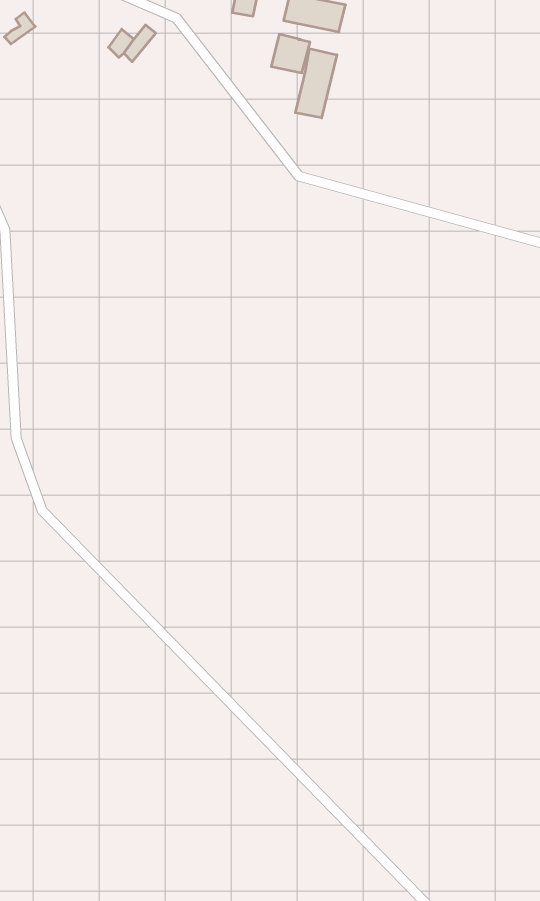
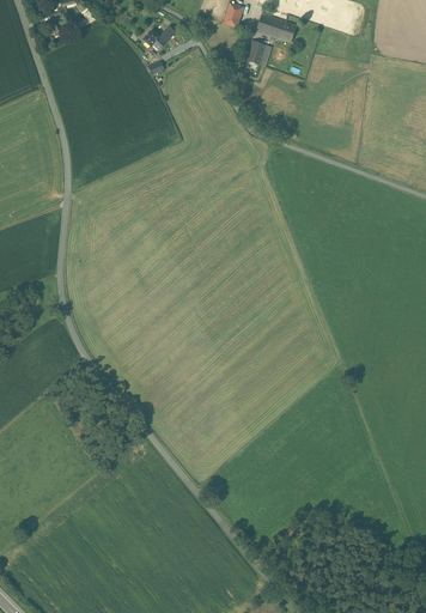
building: [295,49,337,118] -> none

